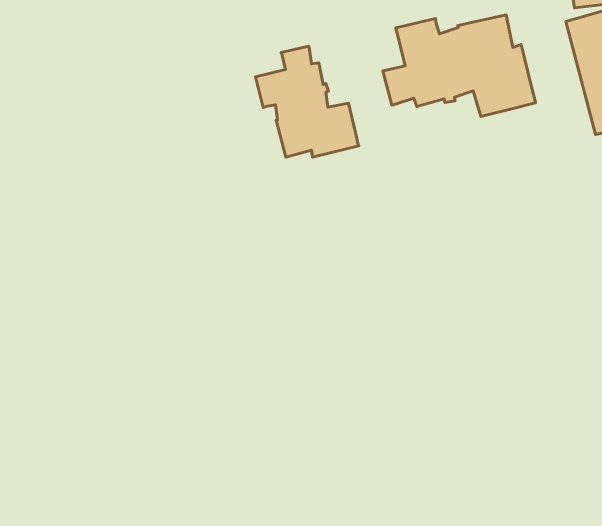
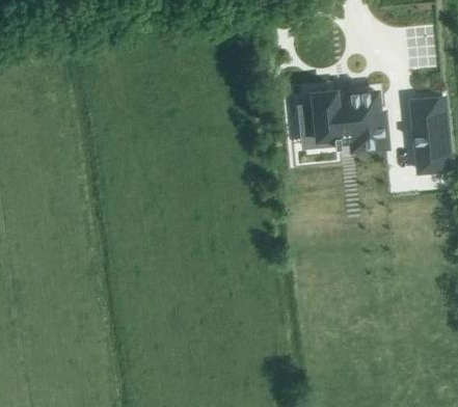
building: [256,46,359,157] -> none

